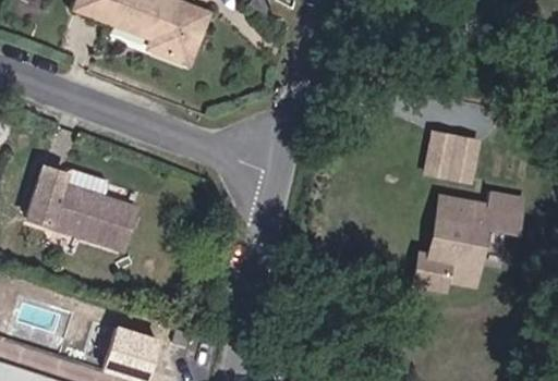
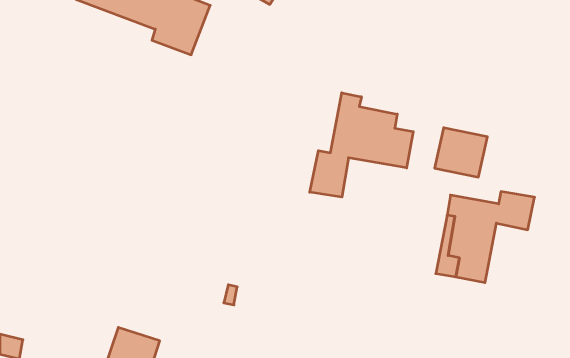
building: none -> [310,93,413,197]
building: [27,167,134,247] -> none

